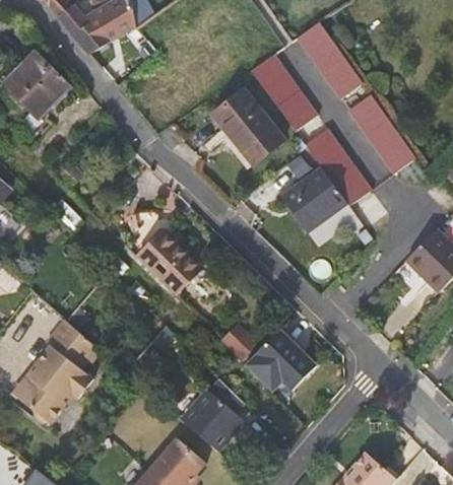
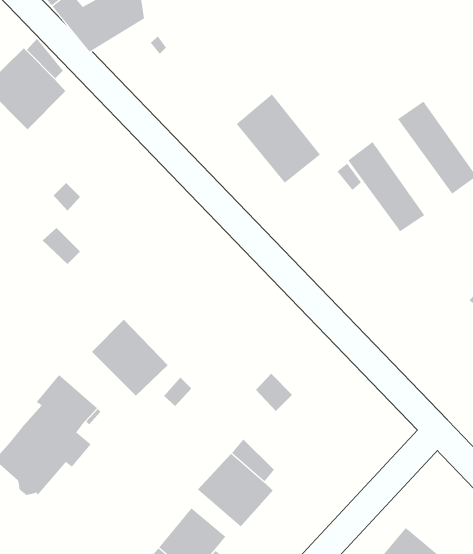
building: [297,22,363,99] -> none
building: [252,54,317,131] -> none
building: [281,167,347,231] -> none
building: [137,229,202,294] -> [91,319,169,397]
building: [246,325,321,391] -> none

